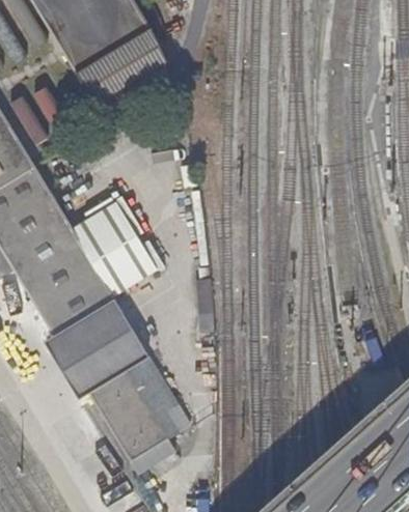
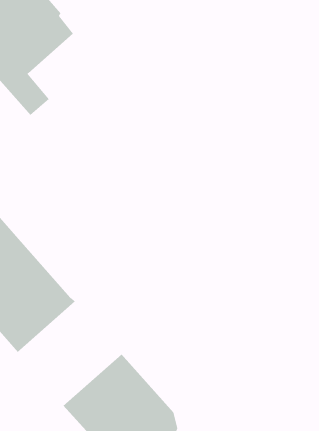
building: [72,201,157,294] -> none
building: [53,298,149,393] -> none

